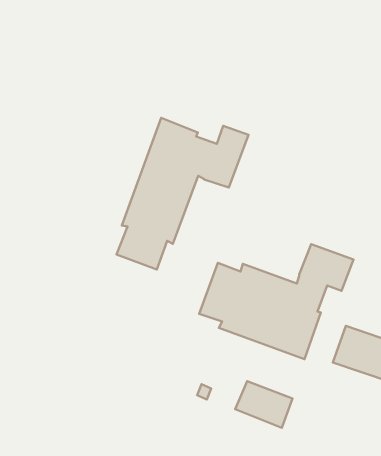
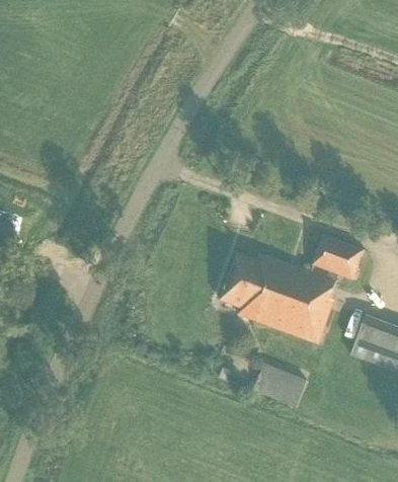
building: [117,118,249,270] -> none

